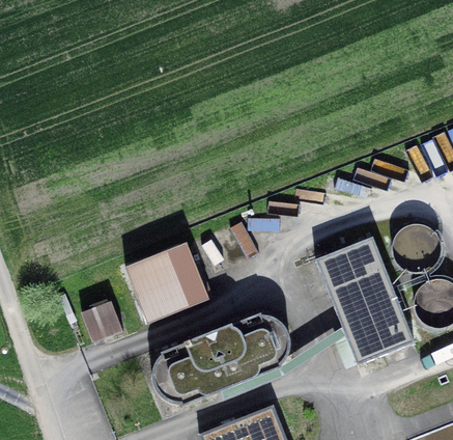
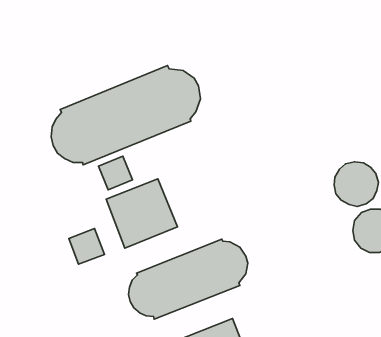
building: none -> [51,66,200,165]
building: none -> [98,156,133,190]
building: [315,236,415,364] -> none

